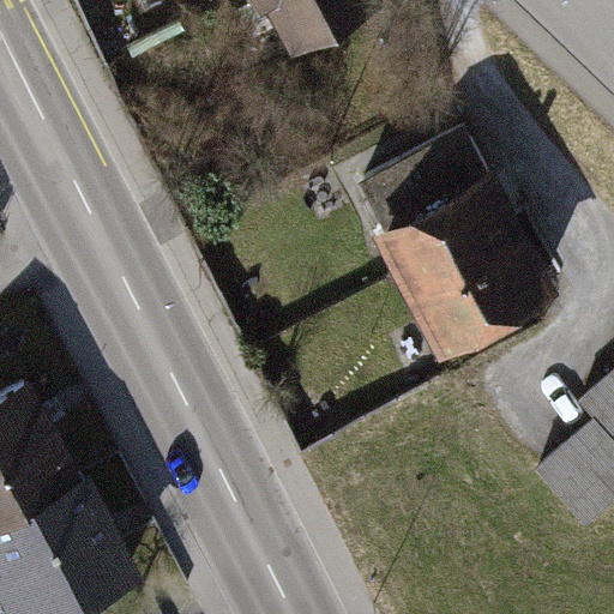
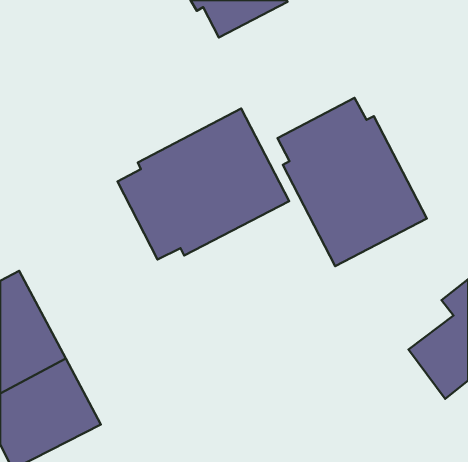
building: none -> [117,108,289,260]

